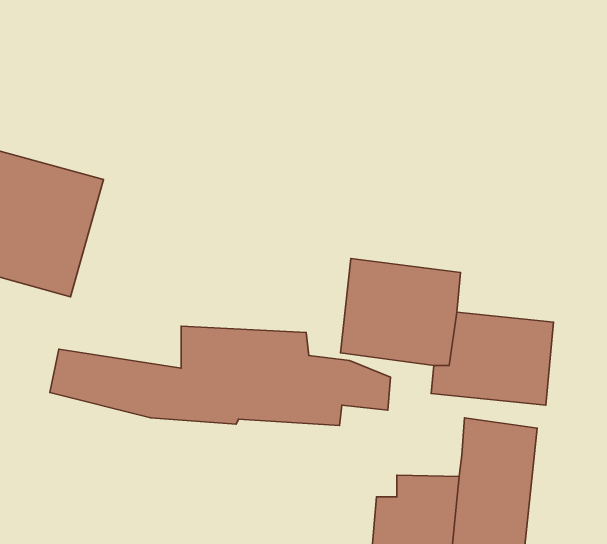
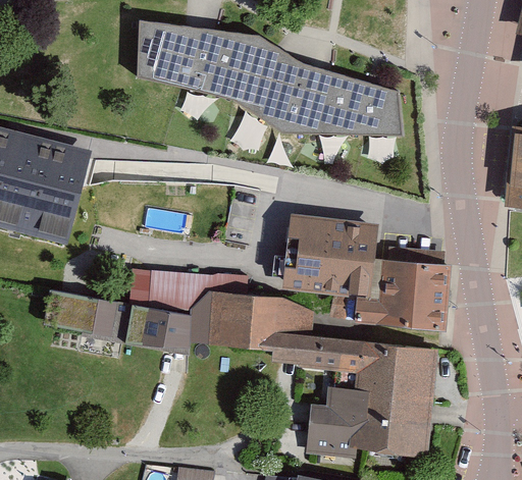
building: none -> [136,19,401,137]
building: none -> [278,331,379,371]

